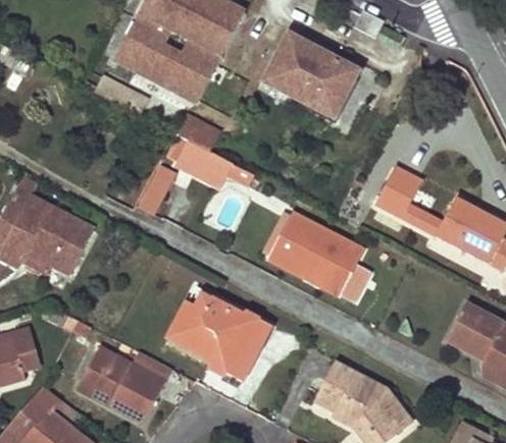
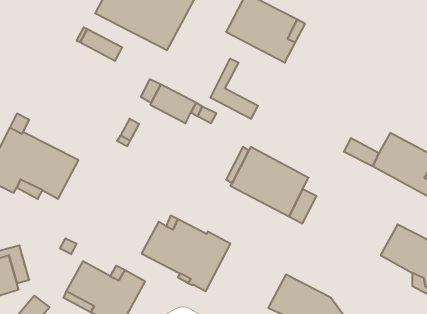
building: none -> [210,58,258,119]
building: [178,115,220,152] -> none
building: [376,166,423,219] -> none

